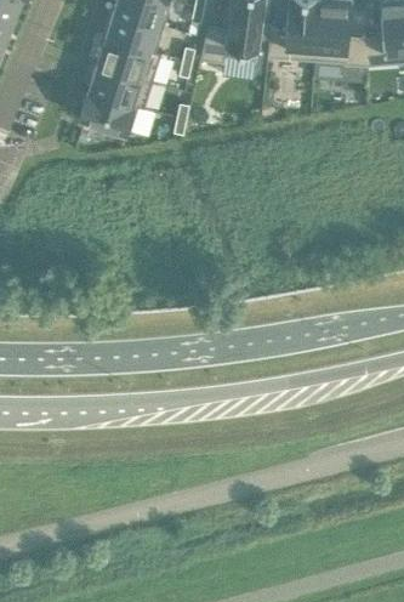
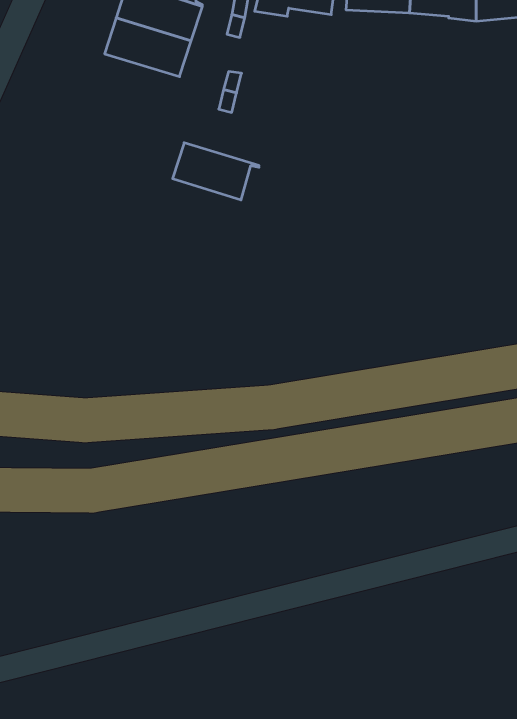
building: [79,91,143,134] -> [173,143,259,200]

